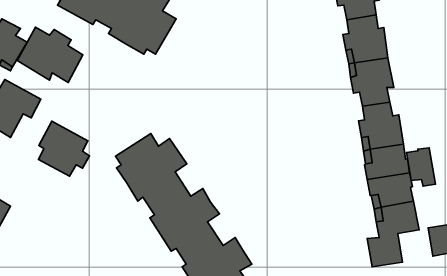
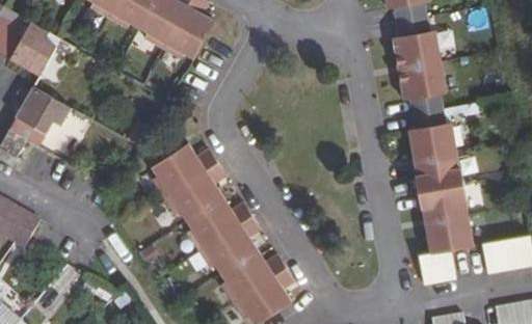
building: [17,27,83,82] -> none
building: [38,121,90,176] -> none
building: [407,148,436,186] -> none

